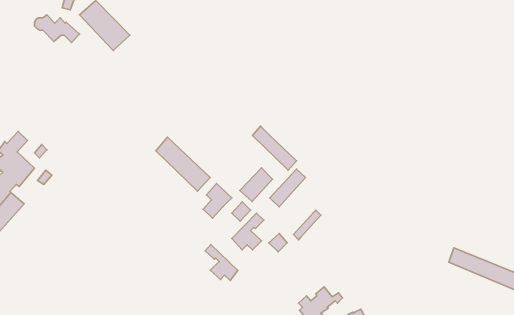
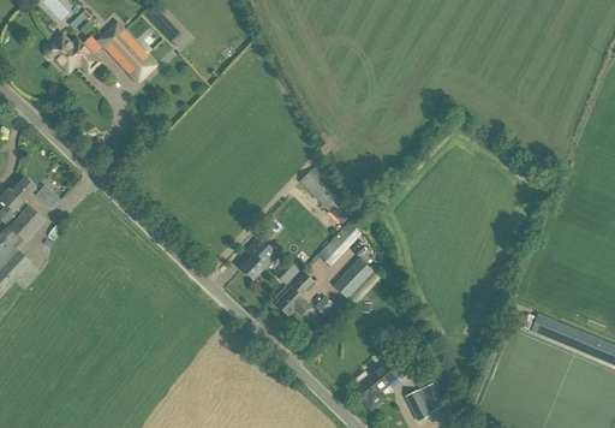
building: [156,137,210,191] -> none
building: [240,168,273,202] -> [333,257,371,297]
building: [205,244,238,280] -> none

